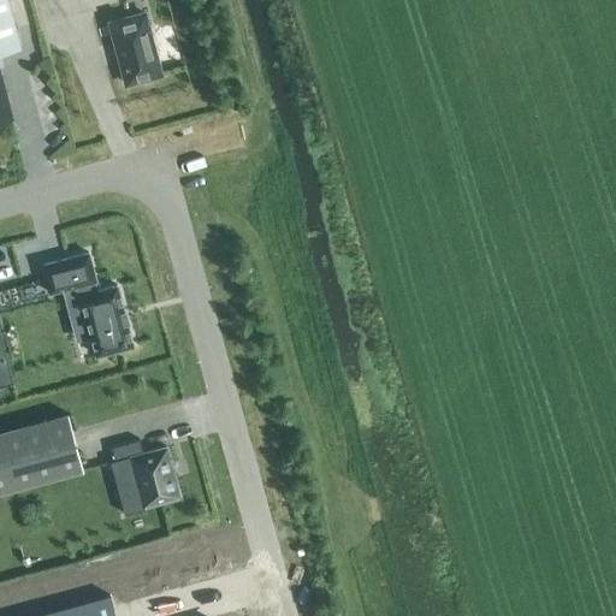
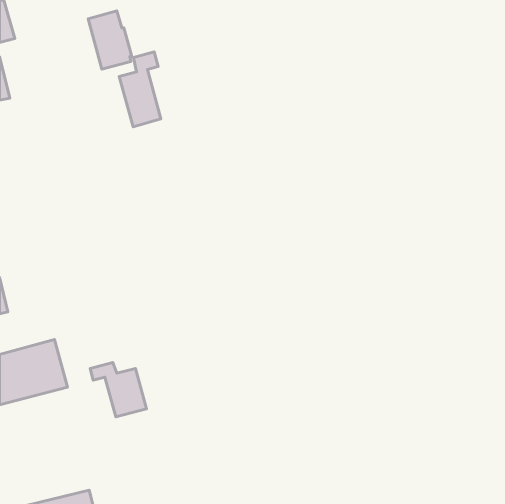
building: none -> [119,52,161,127]
building: [37,256,130,359] -> none

